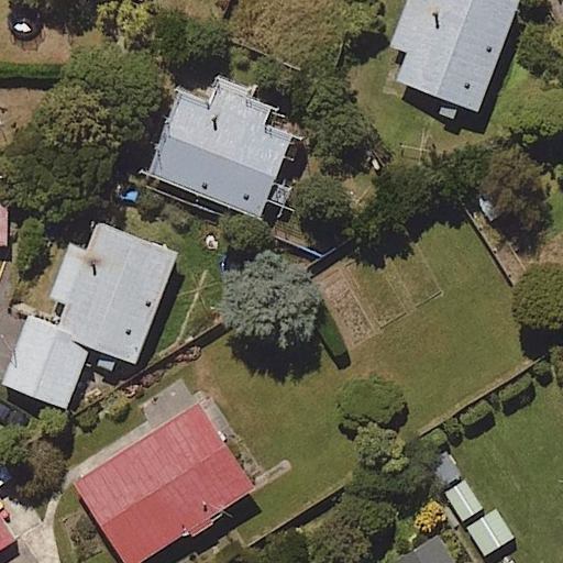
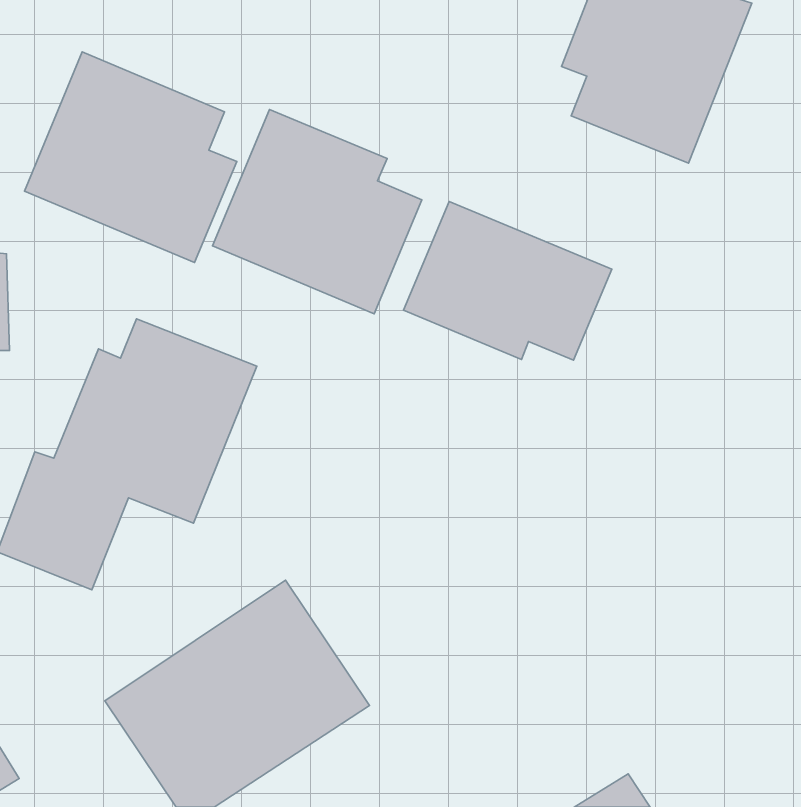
building: none -> [24,52,237,262]
building: none -> [404,201,612,360]

